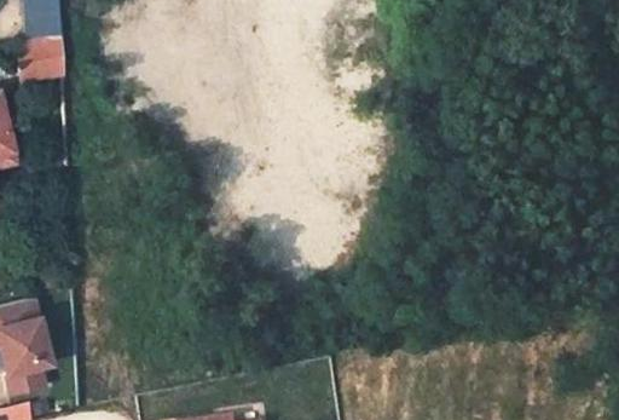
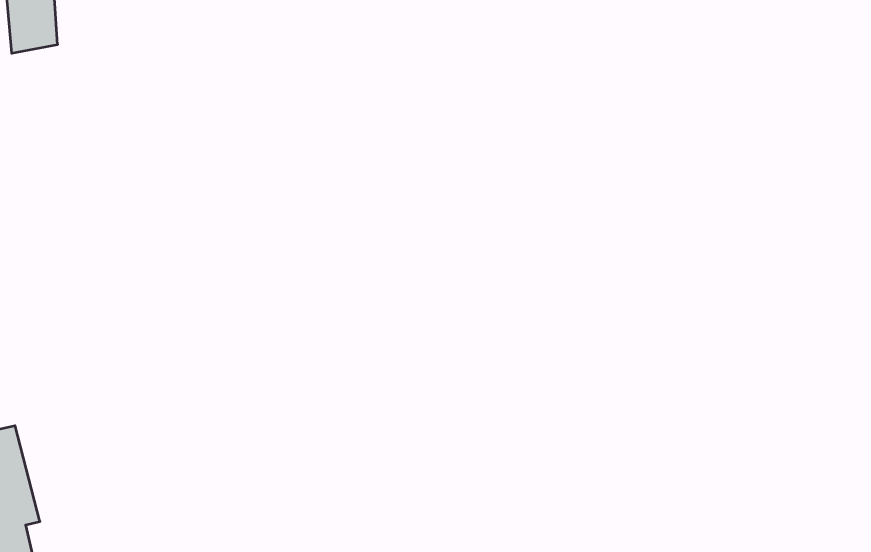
building: [27,35,60,79] -> none

